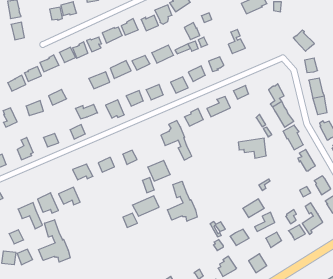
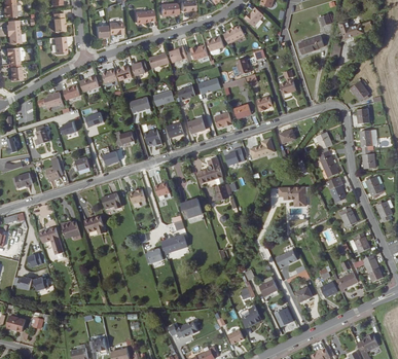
building: [167,181,197,221] -> none
building: [39,220,70,262] -> none

